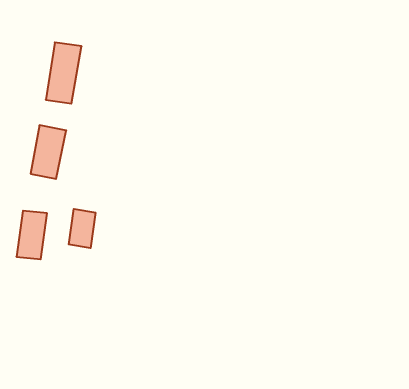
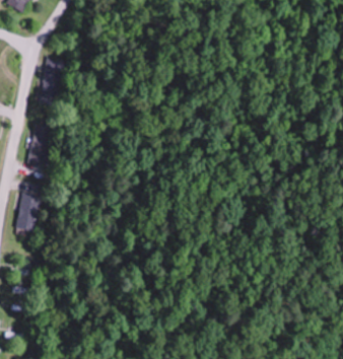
building: [69,209,95,248] -> none

